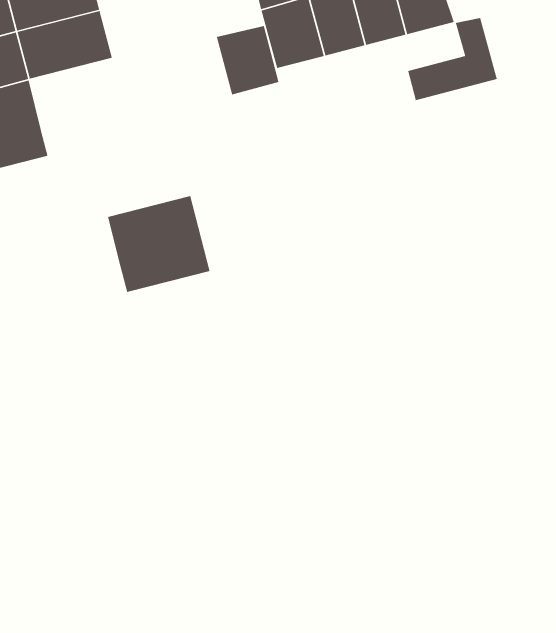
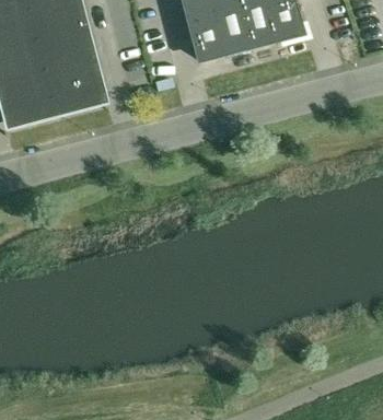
building: [407,17,498,101] -> none
building: [216,25,279,95] -> none
building: [107,195,210,293] -> [45,56,108,116]

